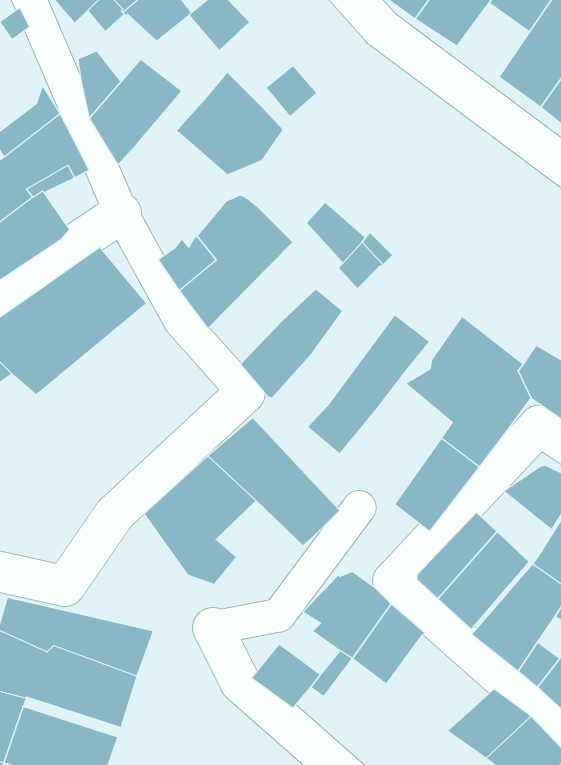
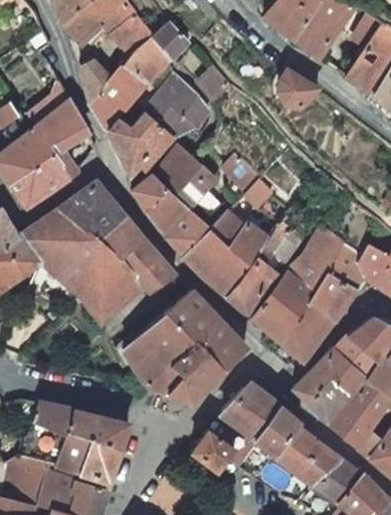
building: none -> [122,38,171,85]
building: none -> [276,69,319,107]
building: none -> [108,112,176,176]
building: none -> [167,211,210,256]
building: none -> [56,218,176,324]
building: none -> [204,223,269,296]
building: none -> [250,269,317,344]
building: none -> [332,335,379,380]
building: none -> [168,342,223,403]
building: none -> [275,426,343,486]

